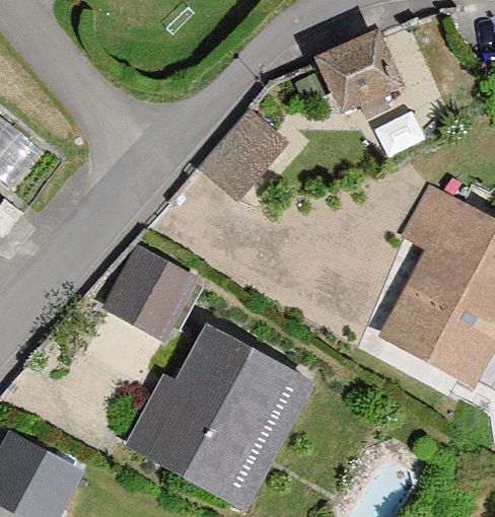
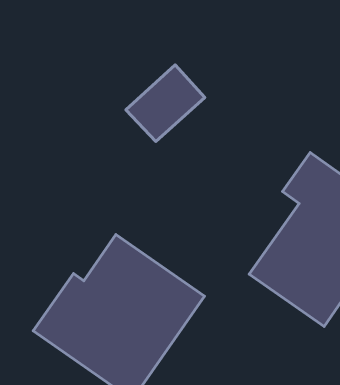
building: [319,38,404,116] -> none
building: [102,244,199,341] -> none

